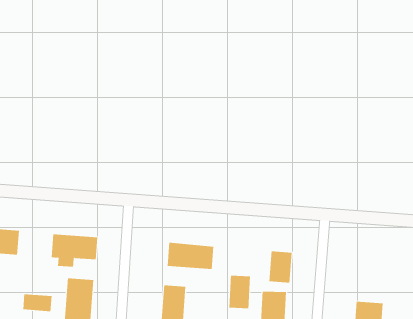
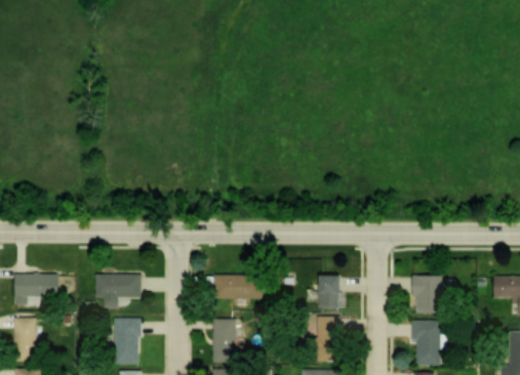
building: none -> [412,276,442,314]
building: [229,275,250,309] -> none
building: [23,293,52,312] -> none

